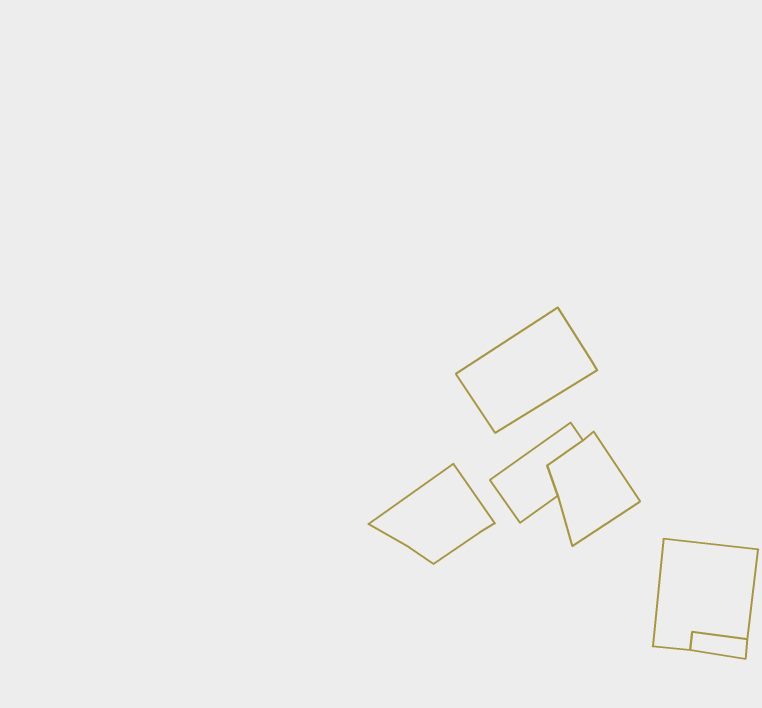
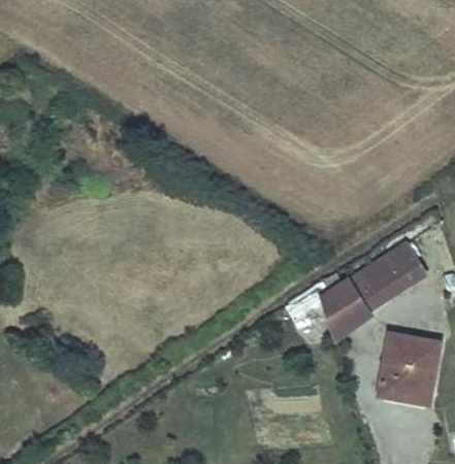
building: [456,308,597,433] -> [348,239,429,311]
building: [368,464,495,564] -> none

